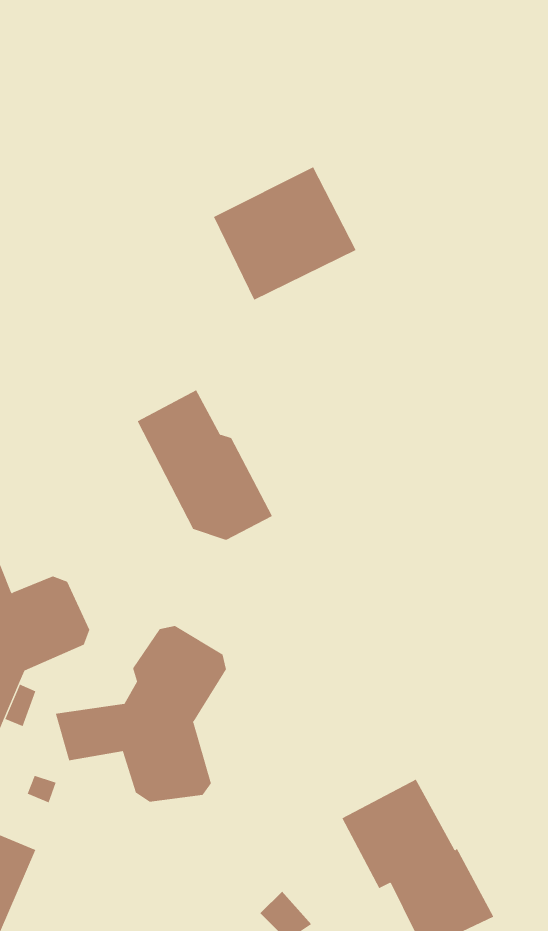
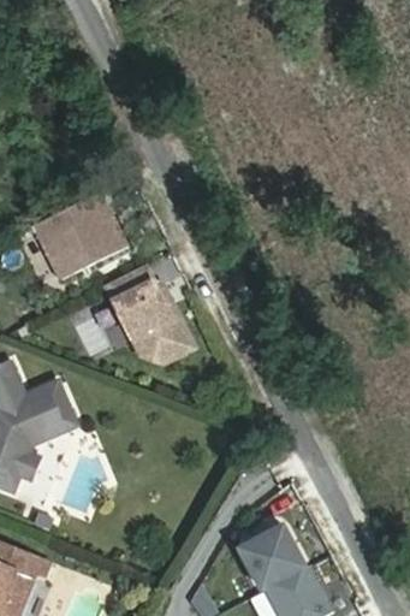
building: [213,166,356,301] -> [32,192,125,279]
building: [55,625,226,802] -> none

